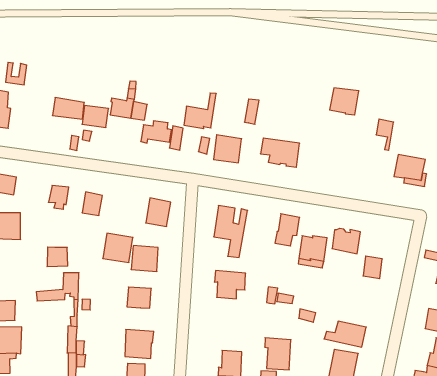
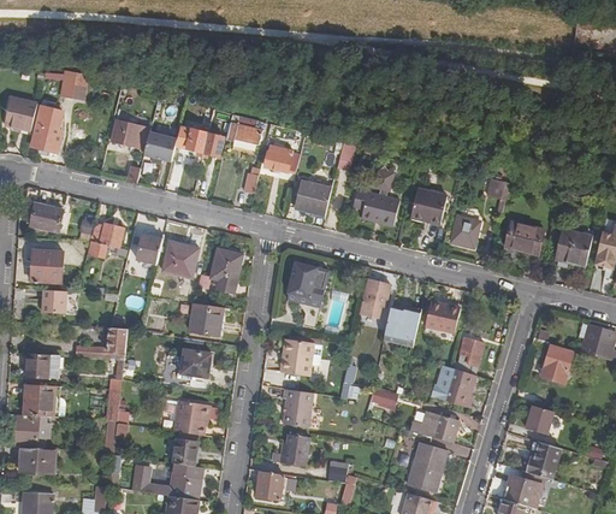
building: [330,88,359,115] -> [409,188,445,221]
building: [141,121,172,143] -> [225,118,262,144]
building: none -> [450,217,479,248]
building: [103,233,133,262] -> [162,242,200,278]
building: [47,247,68,267] -> [40,289,65,313]
building: none -> [436,365,475,407]
building: [265,338,291,370] -> [282,388,313,427]

